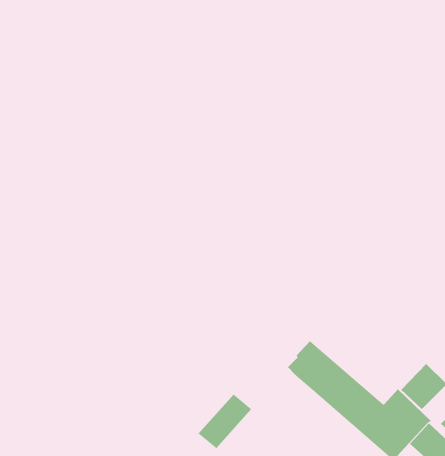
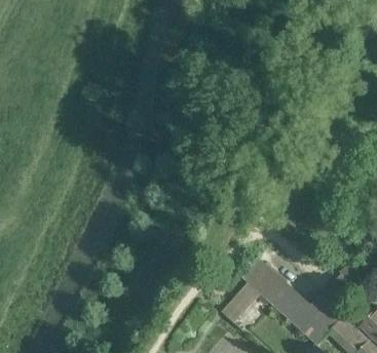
building: [198,394,252,449] -> [221,282,260,322]

